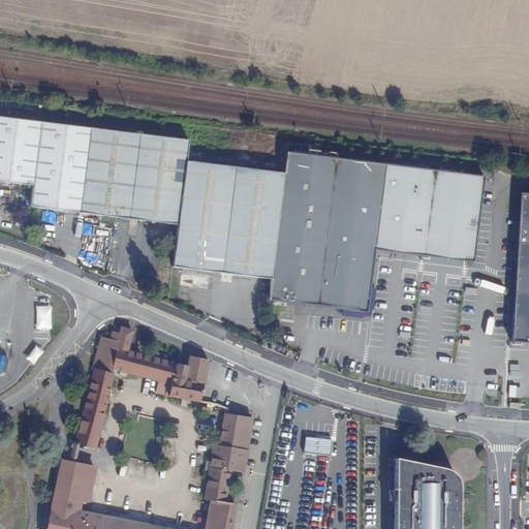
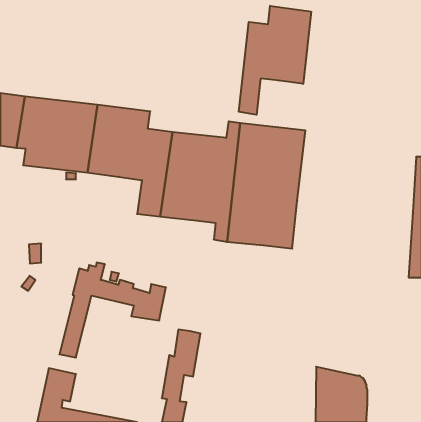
building: none -> [239,6,311,115]
building: [373,163,485,263] -> none
building: [306,436,335,456] -> none

